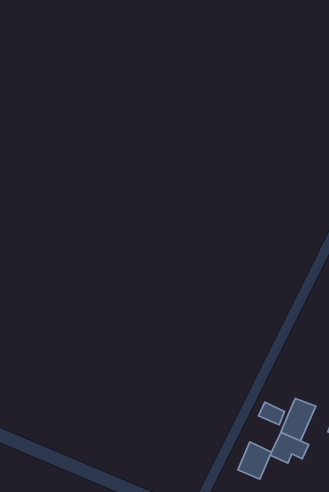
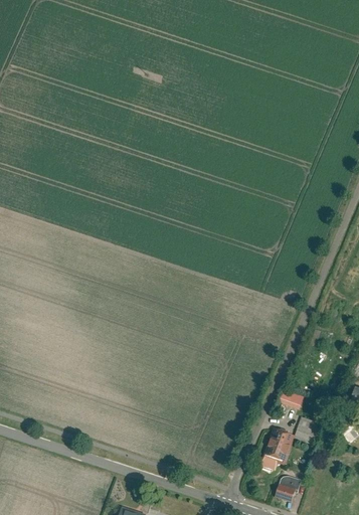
building: [281,398,316,441] -> none

